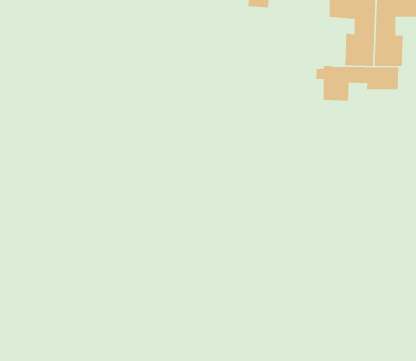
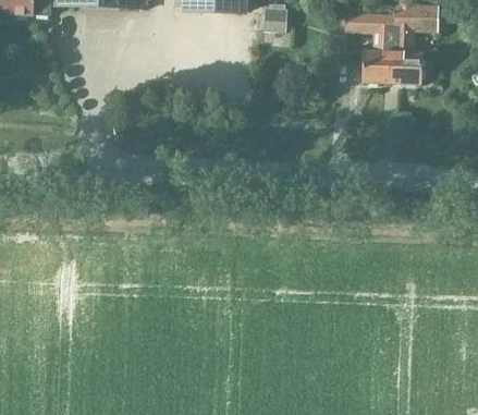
building: [316,65,399,101] -> none

